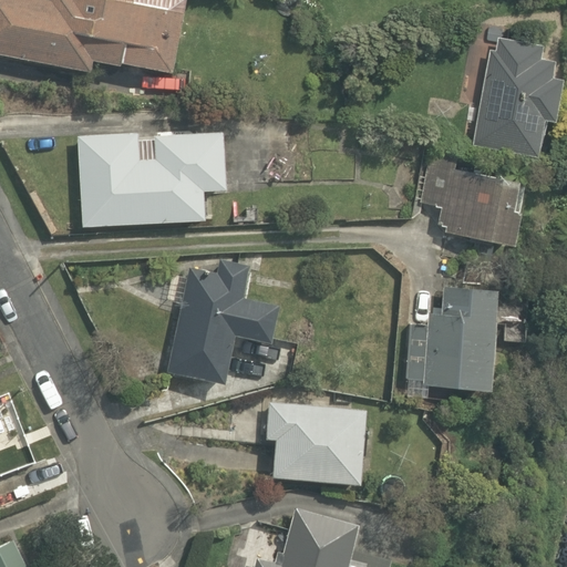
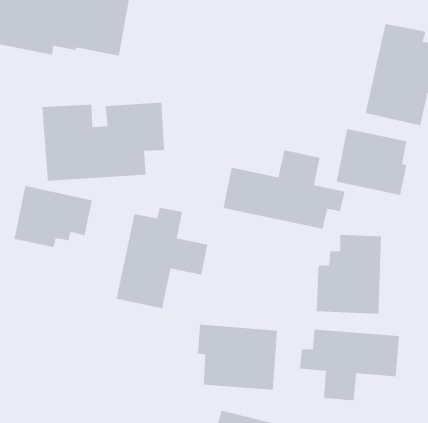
building: none -> [223,149,345,229]
building: none -> [14,185,92,248]
building: none -> [299,329,400,401]

